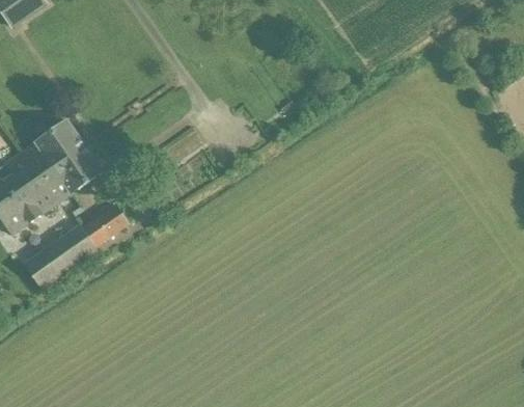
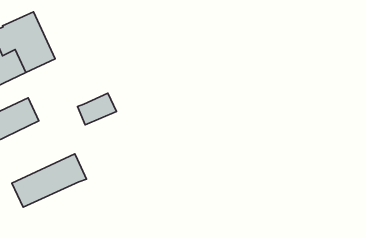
building: [80,205,129,248] -> [77,93,116,125]
building: none -> [12,154,86,207]

